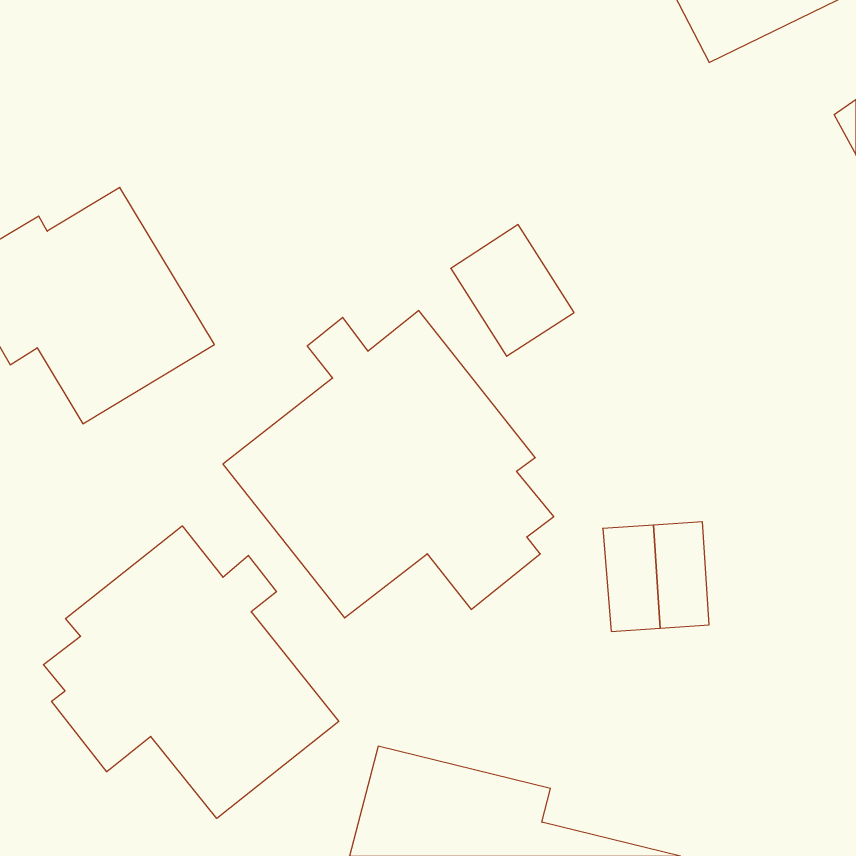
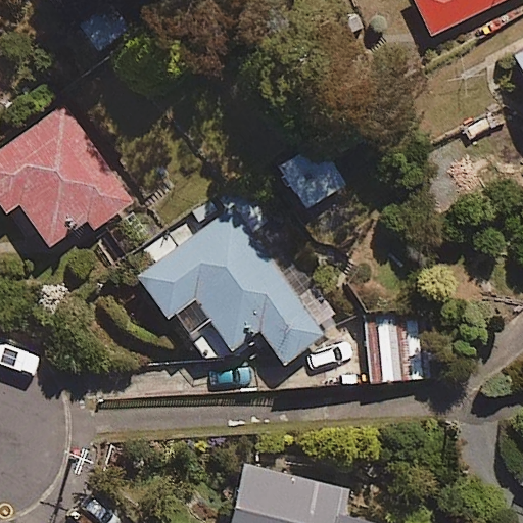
building: [43,526,339,818] -> none

